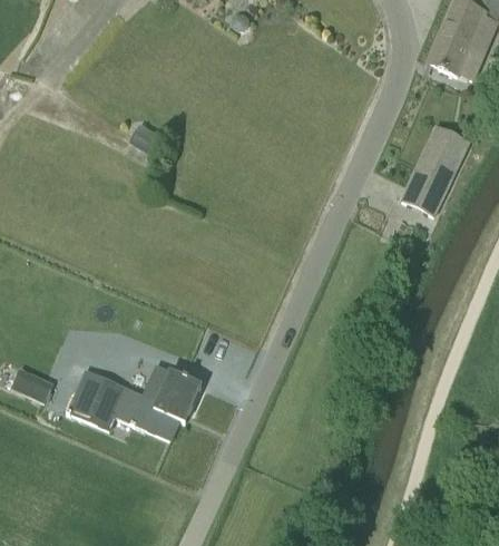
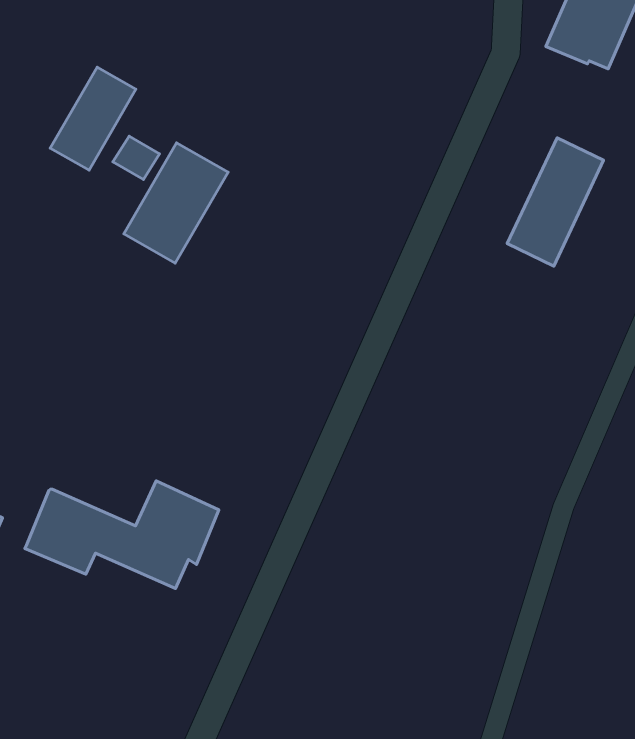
building: none -> [50,67,136,170]
building: none -> [124,143,228,263]

